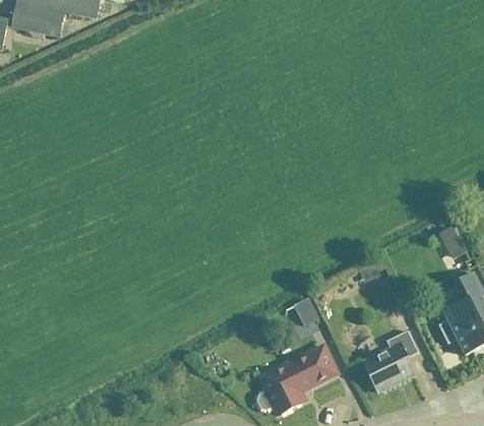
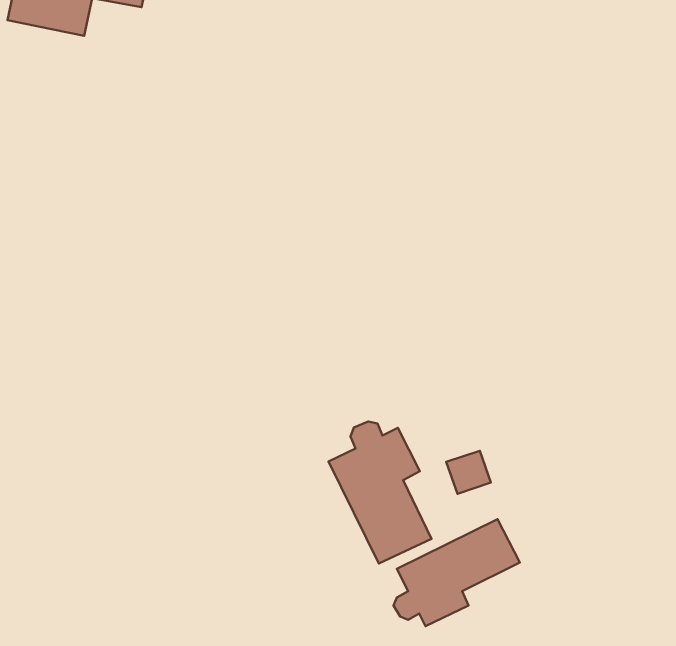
building: none -> [329,421,431,564]
building: [363,329,418,391] -> none

